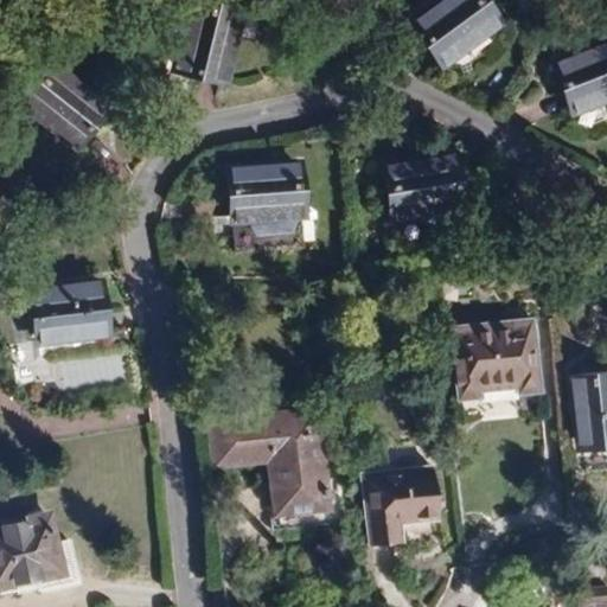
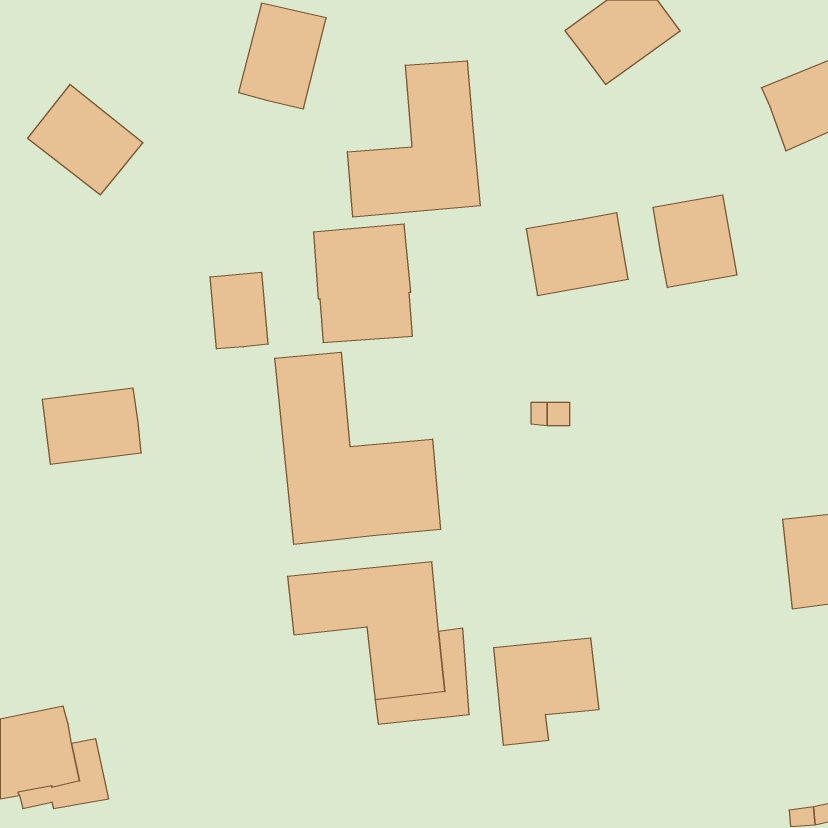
building: none -> [347,61,480,217]
building: none -> [653,195,737,288]
building: none -> [210,272,268,349]
building: none -> [275,352,441,544]
building: [452,320,539,400] -> none

